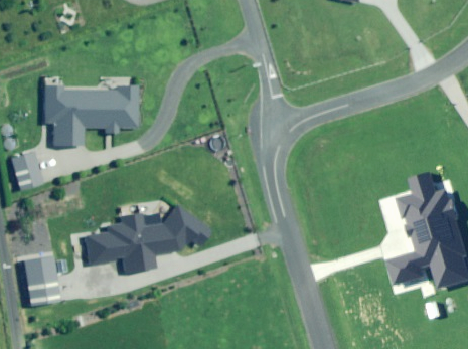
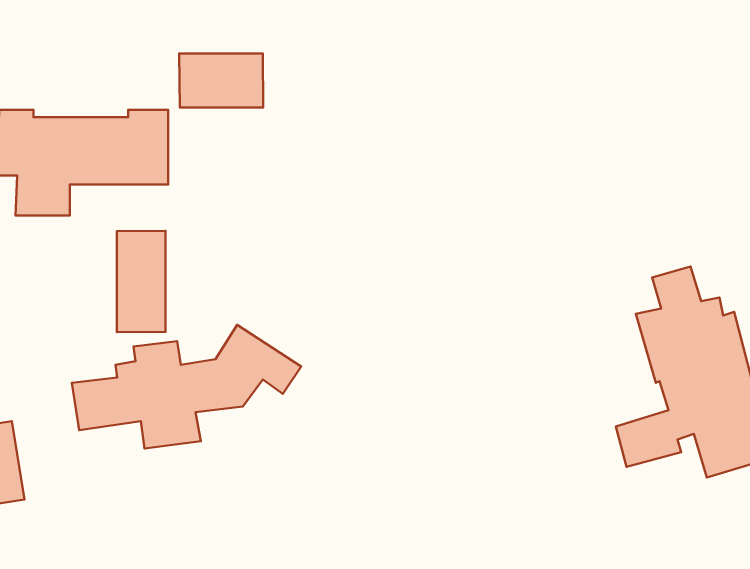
building: none -> [179,54,263,107]
building: none -> [117,231,165,332]

